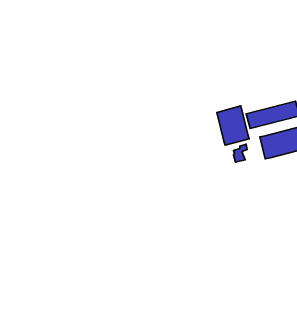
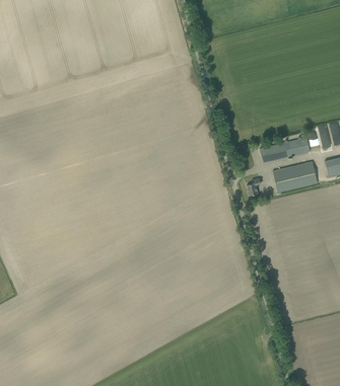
building: [217,106,249,145] -> none

